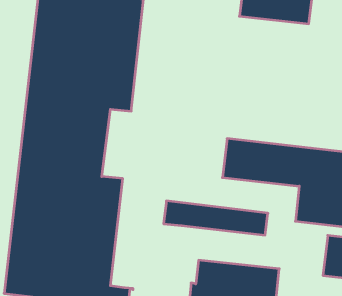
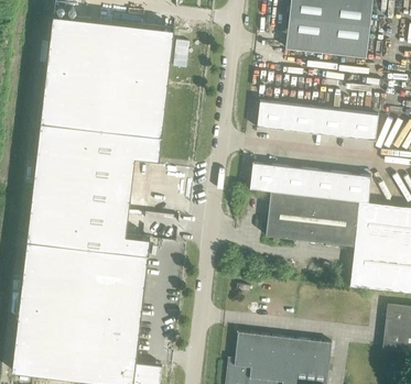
building: none -> [257,101,379,141]
building: [164,201,268,235] -> [250,163,371,202]

